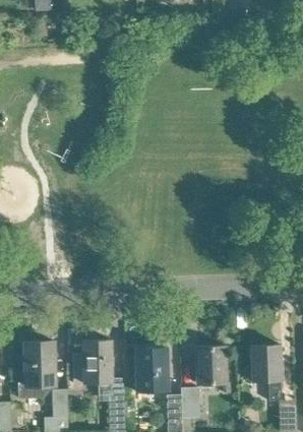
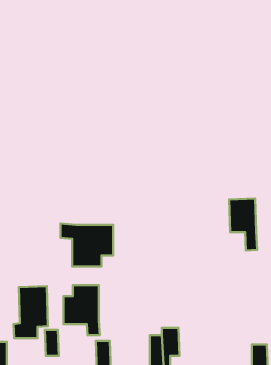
building: none -> [61,224,113,266]
building: [251,344,282,400] -> [229,199,257,251]
building: [196,346,226,383] -> none
building: [135,347,169,391] -> none

